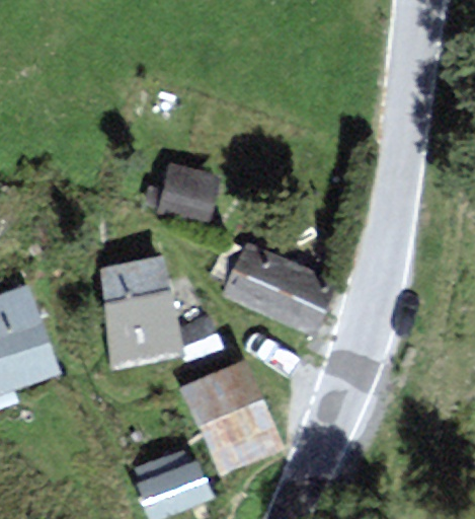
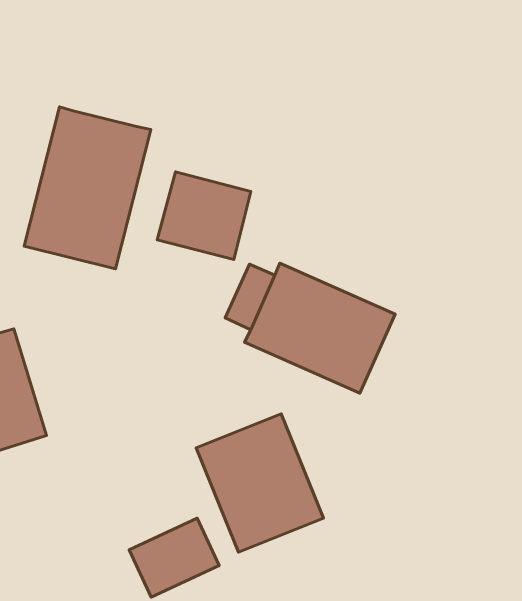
building: none -> [24,107,151,269]
building: [98,255,183,369] -> none

